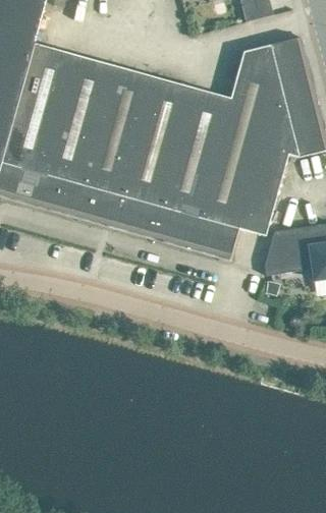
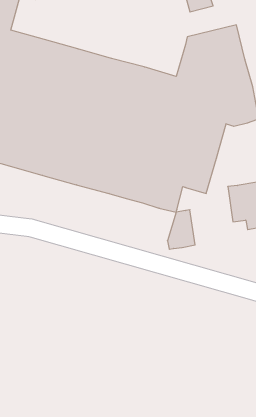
building: [265,228,297,275] -> [167,210,195,249]

